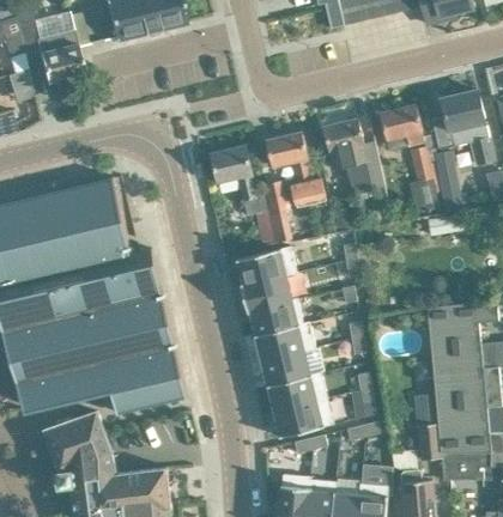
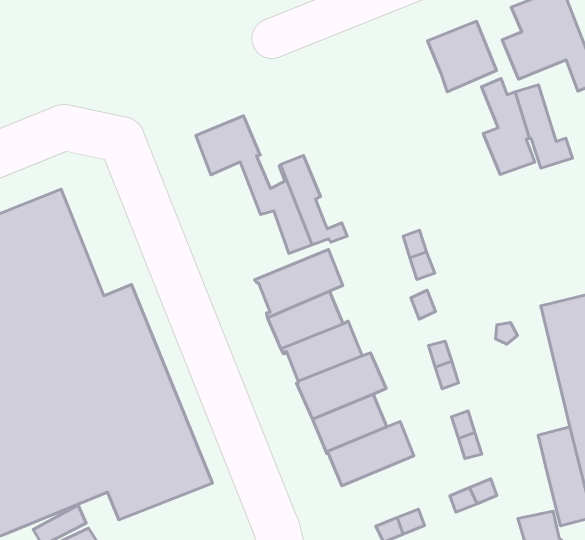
building: [322,120,384,193] -> none
building: [265,133,325,207] -> none
building: [273,397,332,438] -> none

